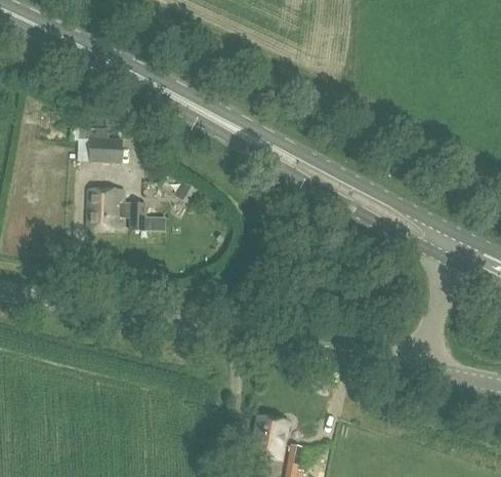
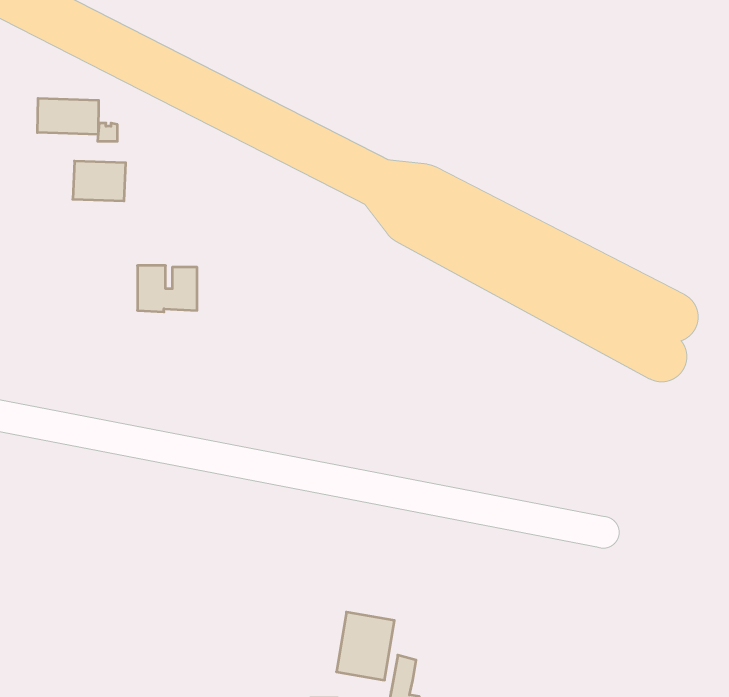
building: none -> [37,98,99,134]
building: [86,188,122,229] -> none

